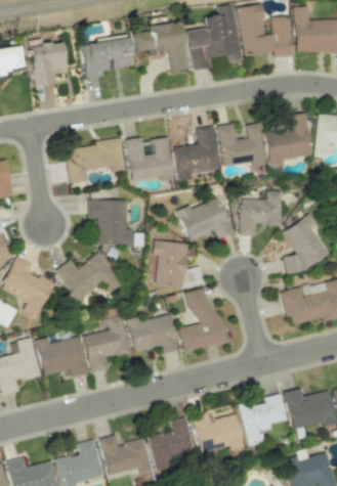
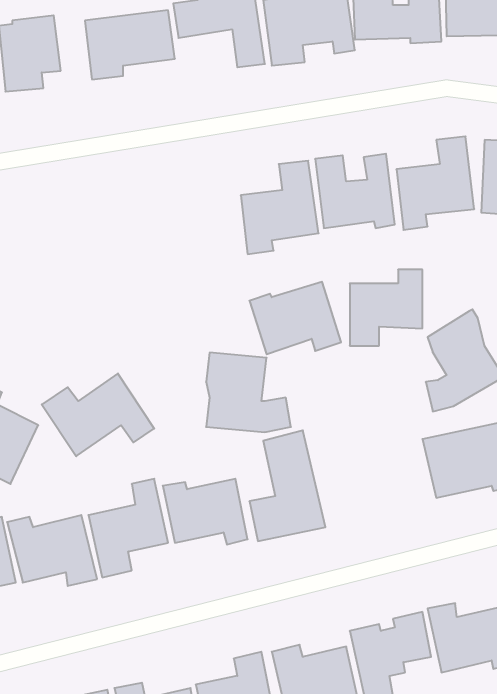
building: [126,137,174,182] -> none
building: [66,138,125,184] -> none
building: [89,200,134,246] -> none

